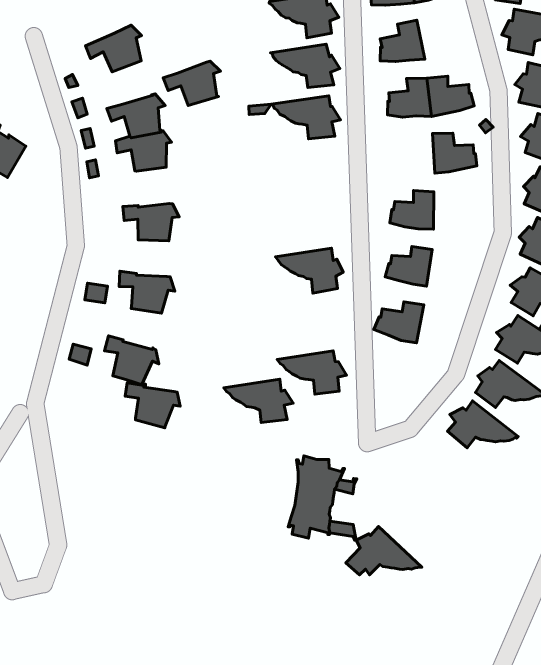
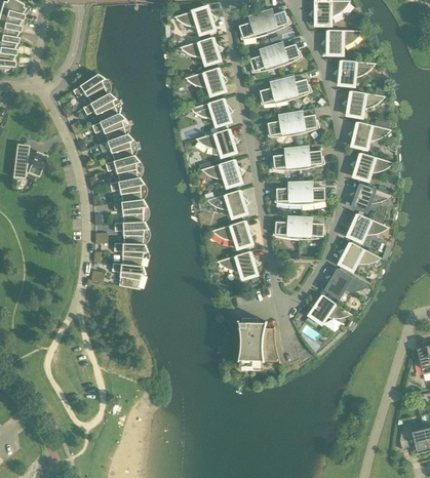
building: none -> [270,41,302,68]
building: [163,61,221,106] -> [83,93,118,122]
building: none -> [267,112,295,137]
building: none -> [195,128,238,157]
building: none -> [105,155,140,183]
building: none -> [296,146,324,169]
building: none -> [200,159,243,188]
building: none -> [113,199,148,224]
building: none -> [300,181,327,204]
building: none -> [299,215,325,239]
building: [224,379,293,422] -> [211,221,255,248]
building: [125,383,180,428] -> [114,243,148,267]
building: [346,527,422,575] -> [306,294,352,325]

